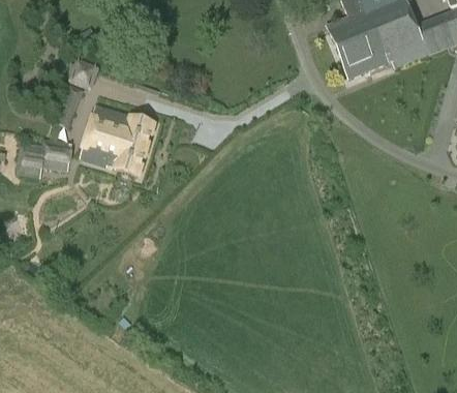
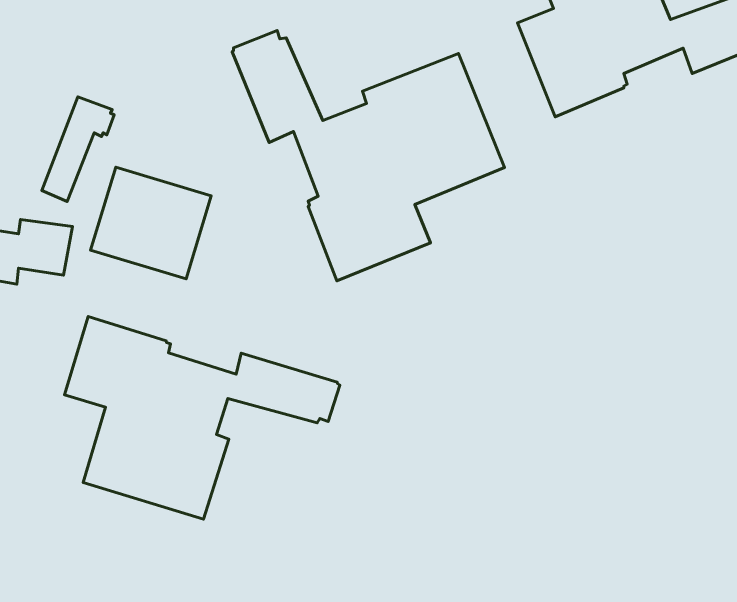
building: none -> [232,31,504,281]
building: none -> [65,316,340,519]

